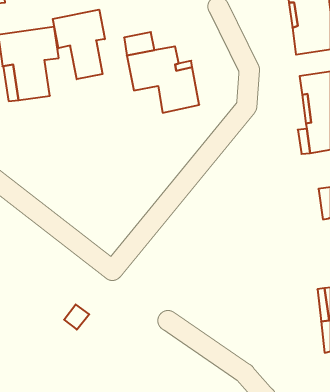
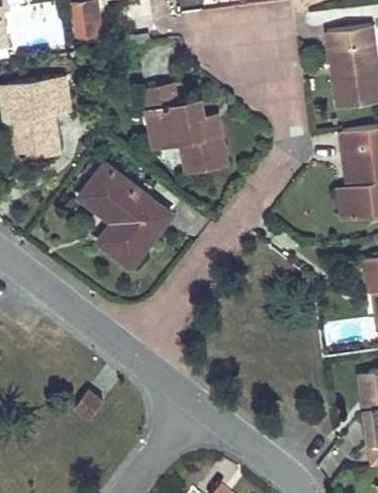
building: [53,10,105,79] -> none
building: none -> [80,164,172,266]

